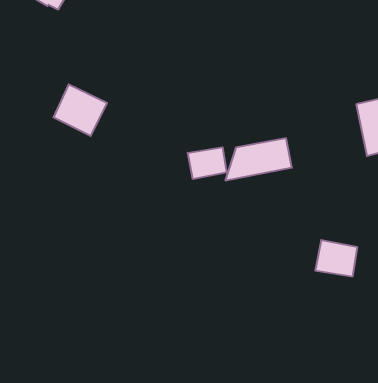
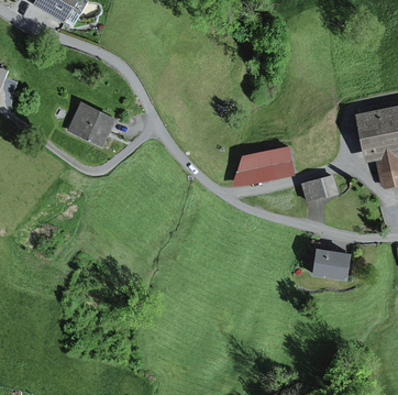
building: [188,147,227,179] -> none
building: none -> [300,176,338,205]

